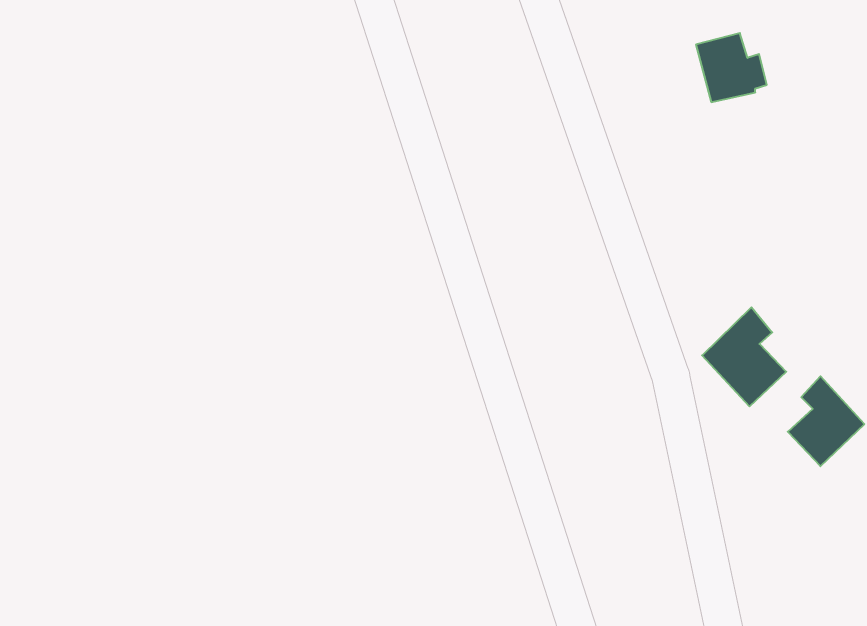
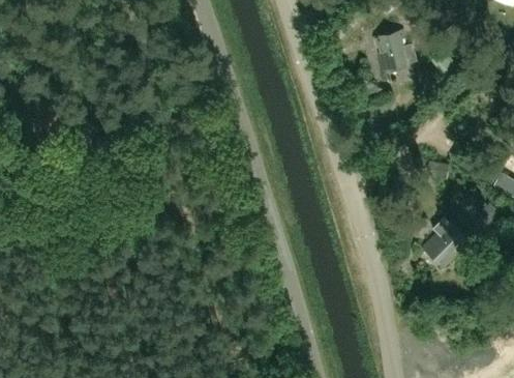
building: [702,307,786,406] -> none

